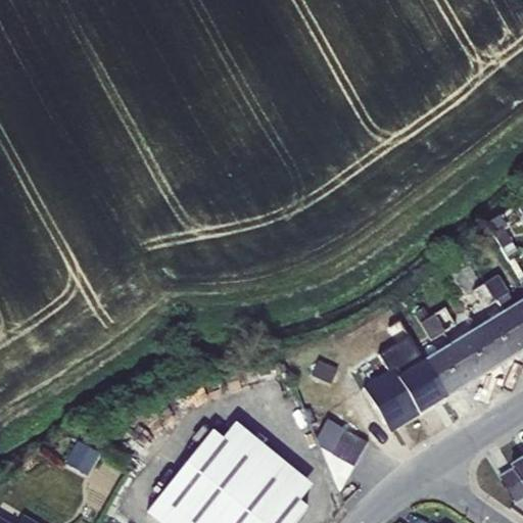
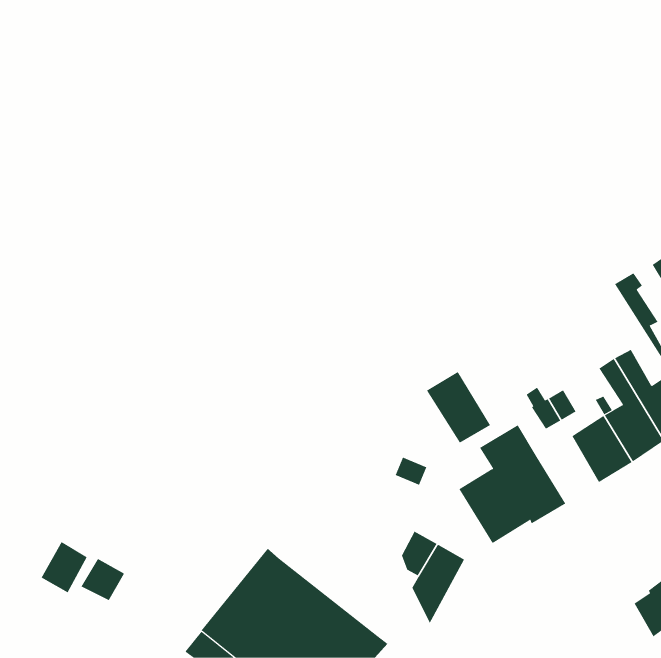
building: none -> [426,371,491,443]
building: [425,343,473,396] -> none
building: [222,423,313,501] -> none
building: none -> [41,541,87,593]

